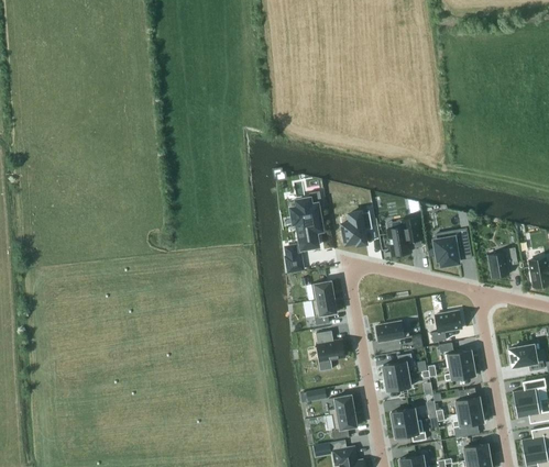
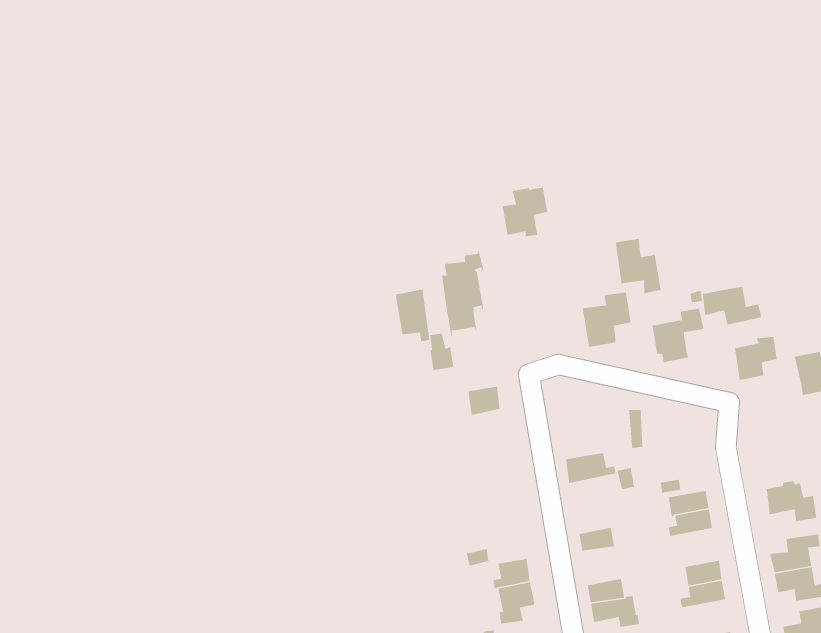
building: none -> [615,238,662,294]
building: [341,210,372,244] -> [502,186,548,237]
building: none -> [702,286,762,325]
building: none -> [395,289,430,342]
building: [311,296,337,324] -> none
building: [431,310,462,342] -> none
building: [316,330,344,369] -> none
building: [383,353,413,378] -> none

